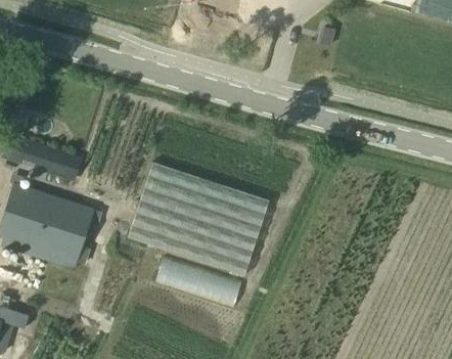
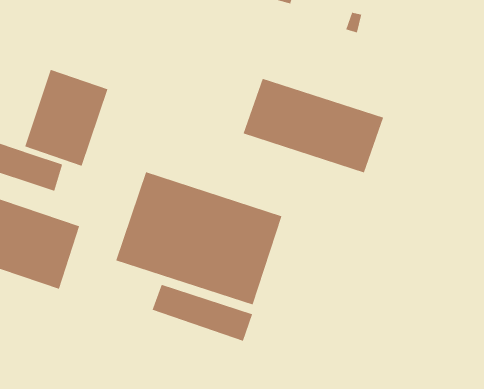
building: none -> [24,69,108,167]
building: none -> [243,78,384,173]

